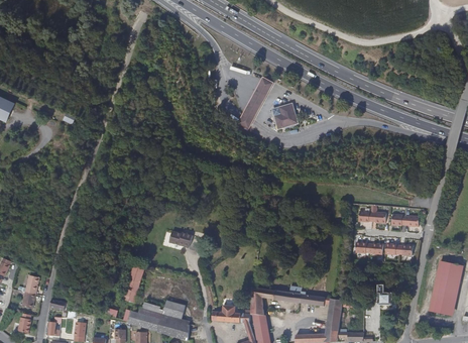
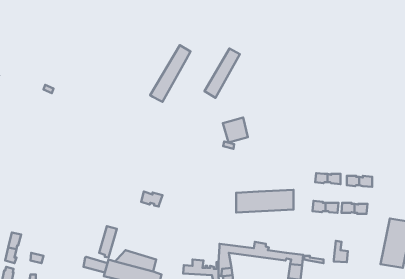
building: none -> [150,45,190,102]
building: [271,102,299,129] -> [223,117,248,143]
building: none -> [236,190,294,213]

